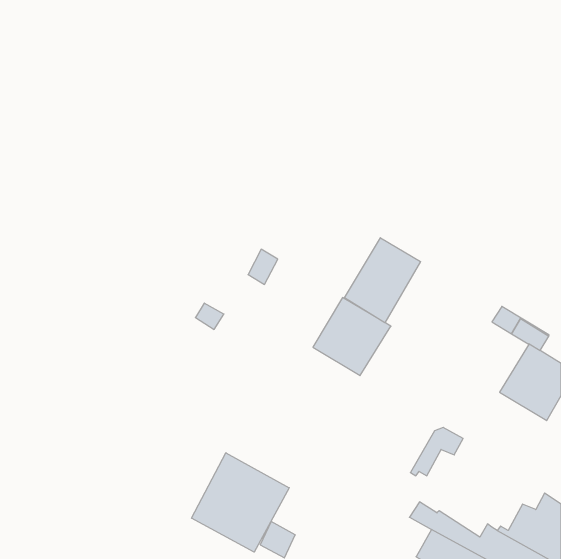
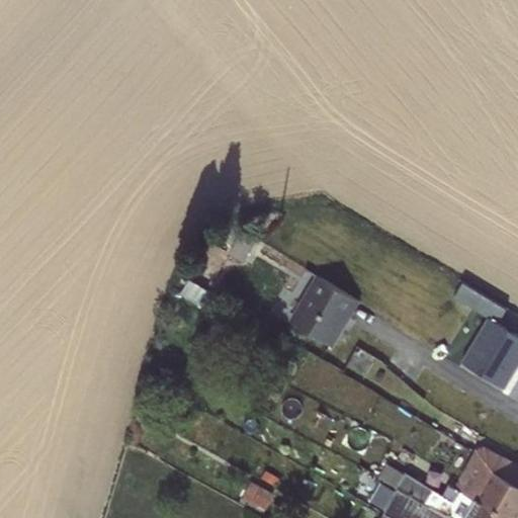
building: [344,238,421,323] -> none
building: [410,427,463,476] -> [453,446,502,491]
building: [192,453,289,552] -> none

